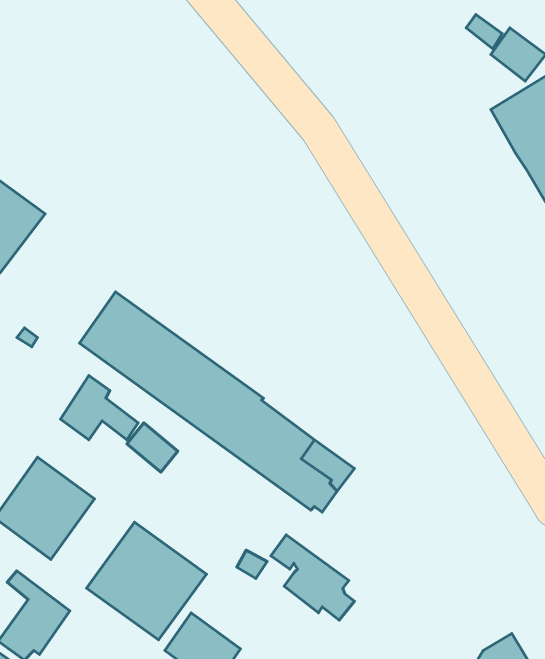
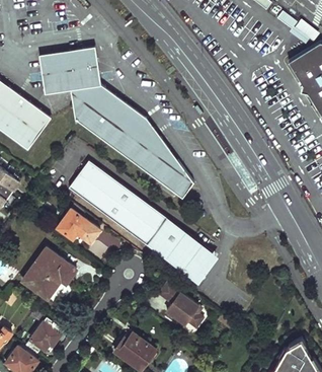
building: none -> [38,48,193,199]
building: [86,522,206,640] -> none

